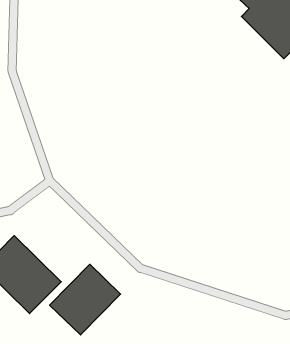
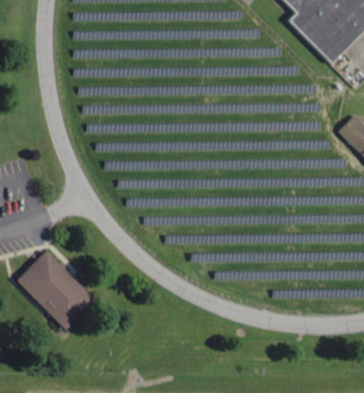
building: [50,264,121,335] -> none

